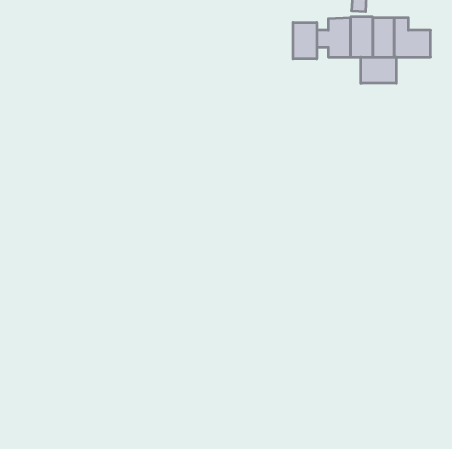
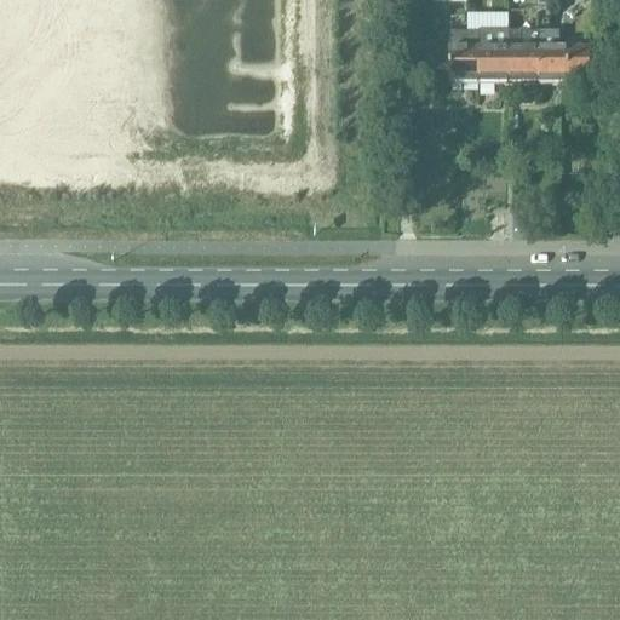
building: [293,22,317,59] -> none
building: [361,57,396,83] -> none

